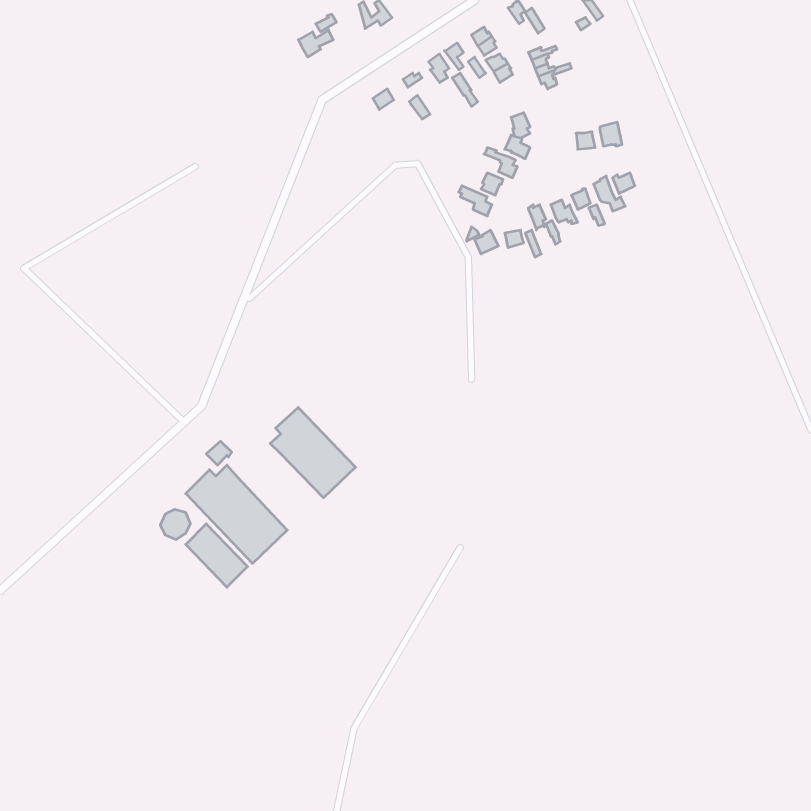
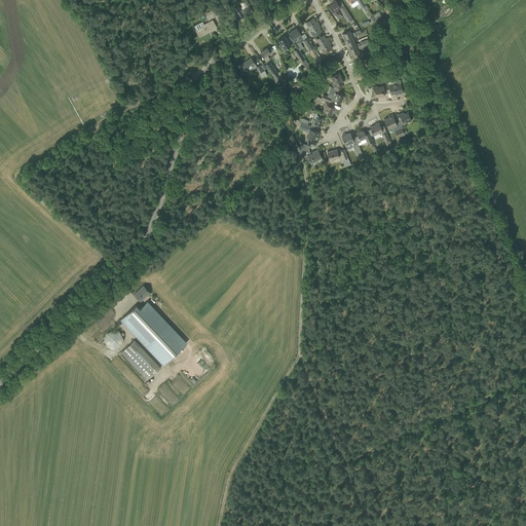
building: [270,407,356,498] -> none

